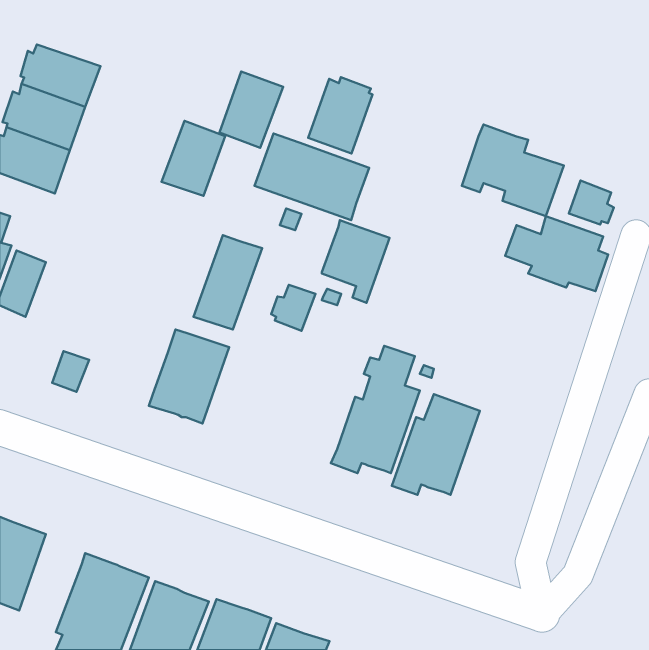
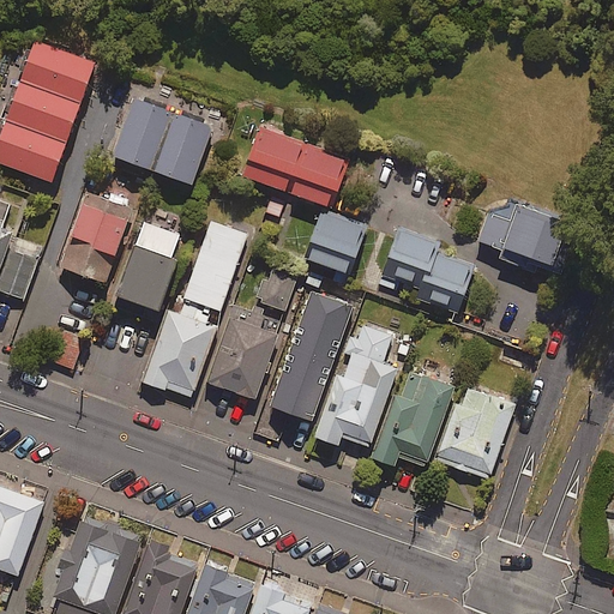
building: [219,71,283,148] -> [114,100,174,171]
building: [308,77,373,153] -> none
building: [462,125,564,216] -> [378,227,474,313]
building: [569,181,614,225] -> none
building: none -> [60,194,132,284]
building: none -> [115,222,180,312]
building: none -> [269,291,353,421]
building: none -> [205,305,277,401]
building: none -> [434,387,514,478]

